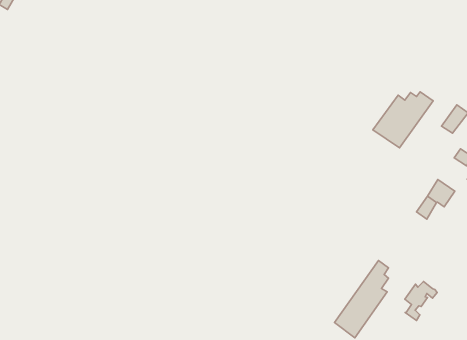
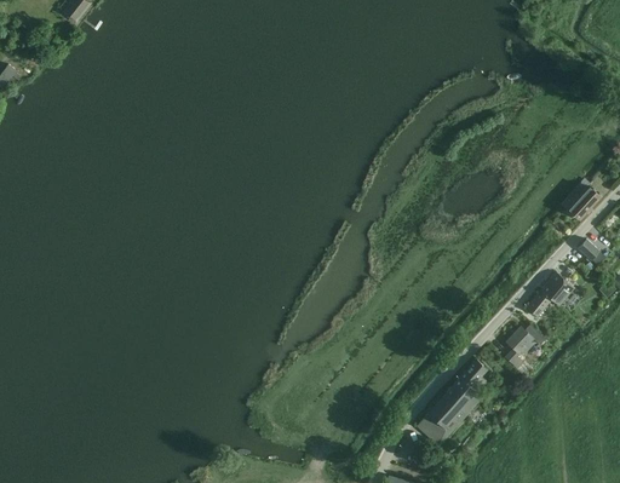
building: [373,92,433,148] -> none
building: [405,281,437,321] -> [506,323,546,368]

